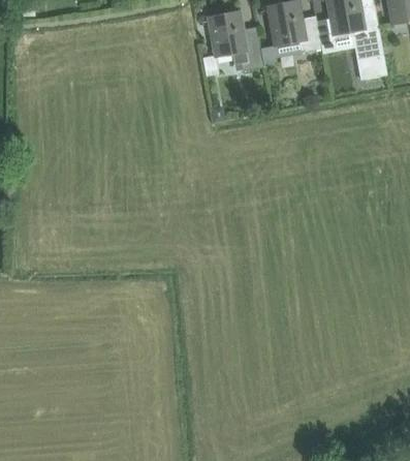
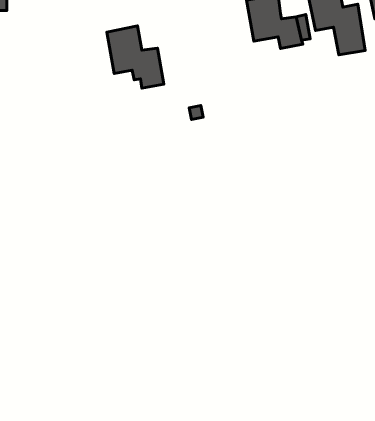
building: [208,10,263,71] -> [107,26,164,88]

